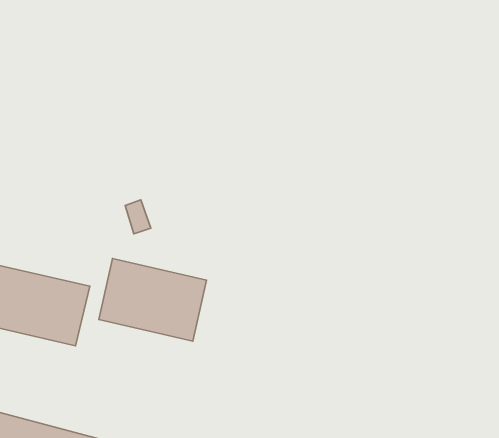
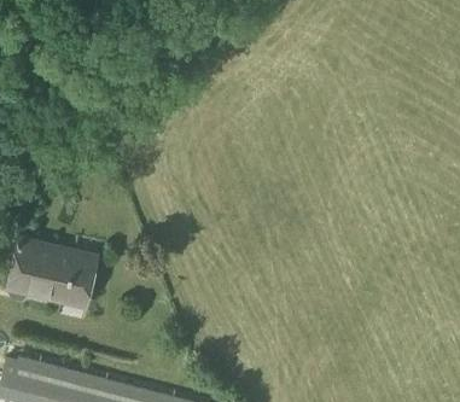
building: [99,259,207,341] -> none

